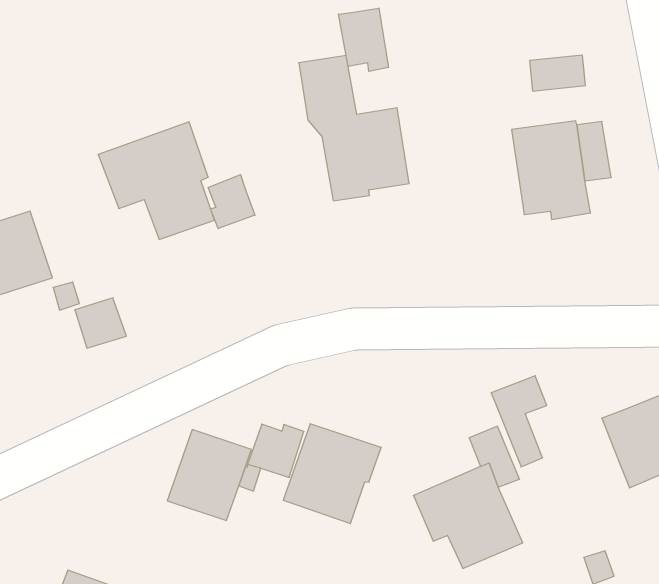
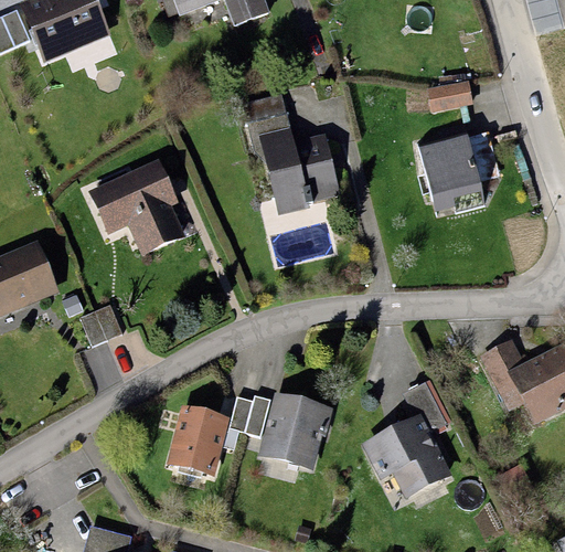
building: [339,8,388,71] -> none
building: [208,175,255,229] -> none
building: [491,376,547,467] -> [479,338,524,412]

